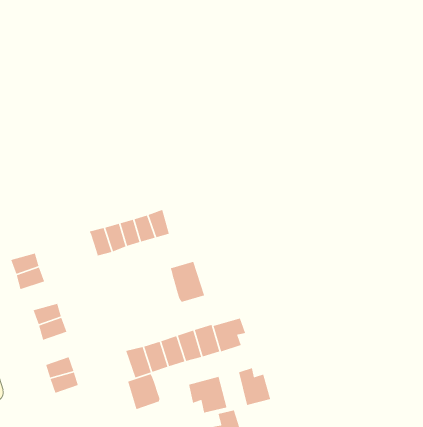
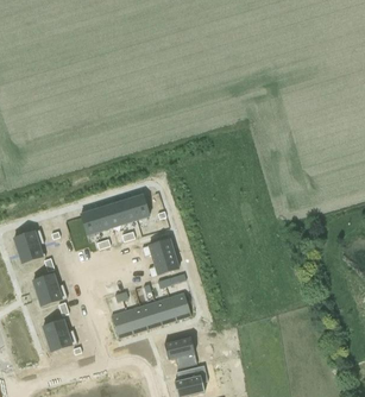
building: [213,317,246,352] -> none
building: [238,367,271,406] -> none
building: [127,373,160,410] -> none

